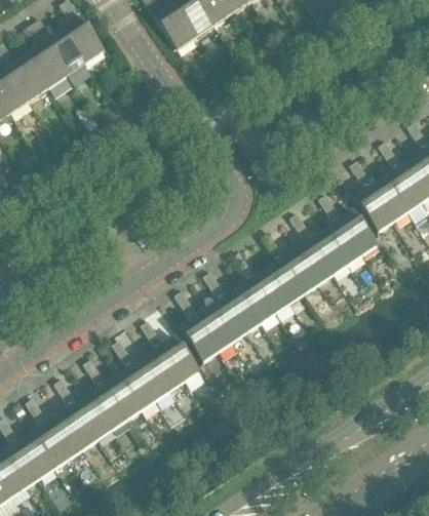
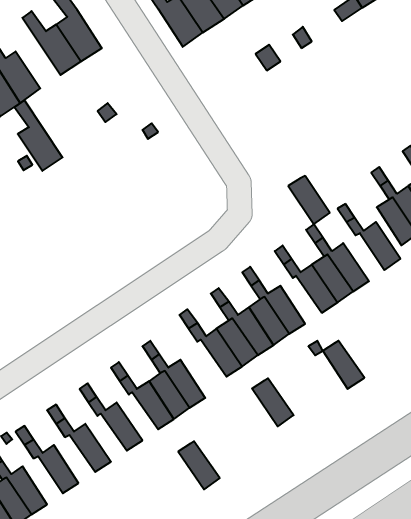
building: [23,25,67,89] -> [14,100,63,171]
building: [325,222,363,266] -> [288,176,330,224]
building: [268,261,306,305] -> [323,341,364,389]
building: [181,319,219,363] -> [252,378,294,426]
building: [118,367,156,411] -> [178,441,220,489]
building: [89,387,127,431] -> none
building: [61,406,99,450] -> none
building: [32,426,69,470] -> none

